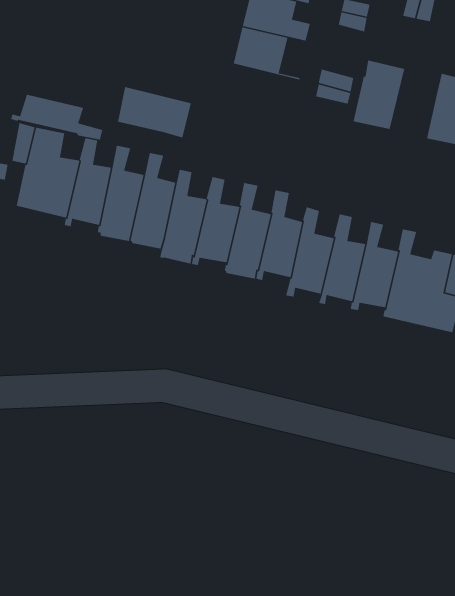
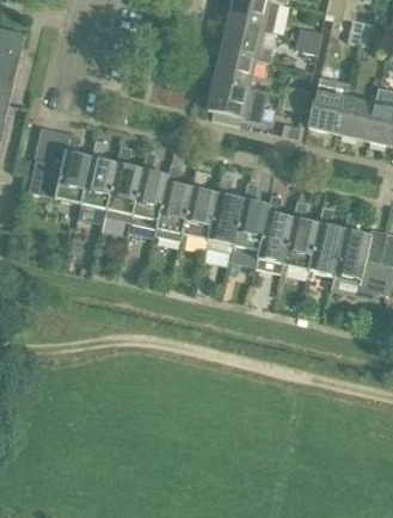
building: none -> [337,84,374,140]
building: [117,86,192,139] -> [205,80,265,122]
building: [10,93,103,141] -> none

